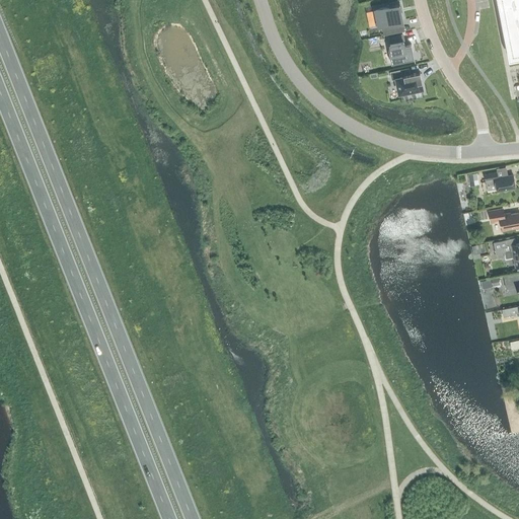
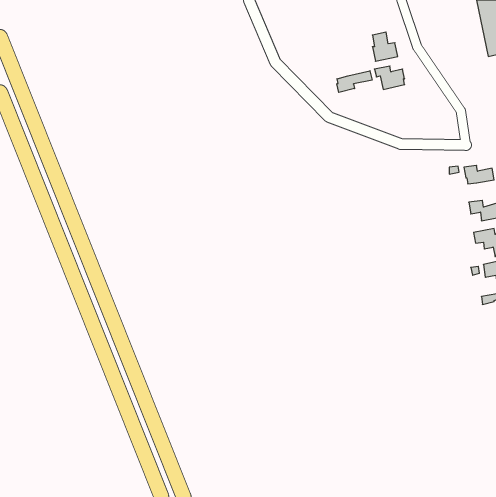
building: [373,4,403,35] -> none
building: none -> [337,71,372,92]

